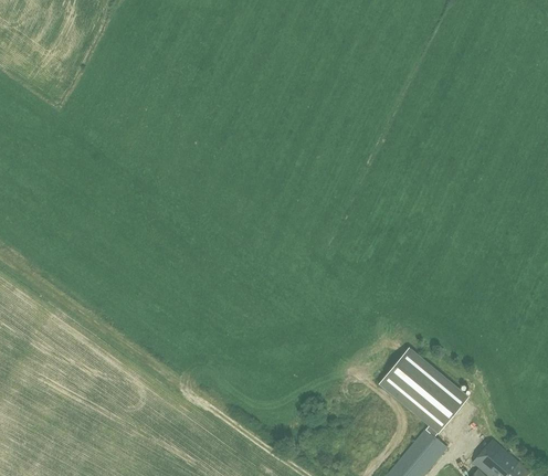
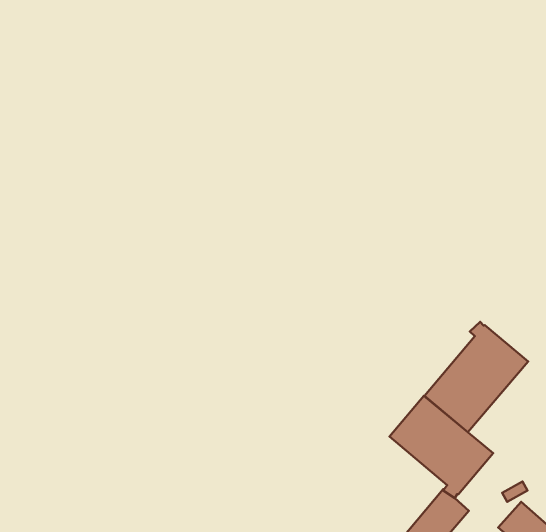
building: none -> [425,322,528,432]

